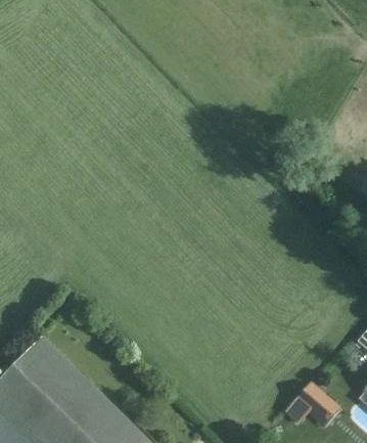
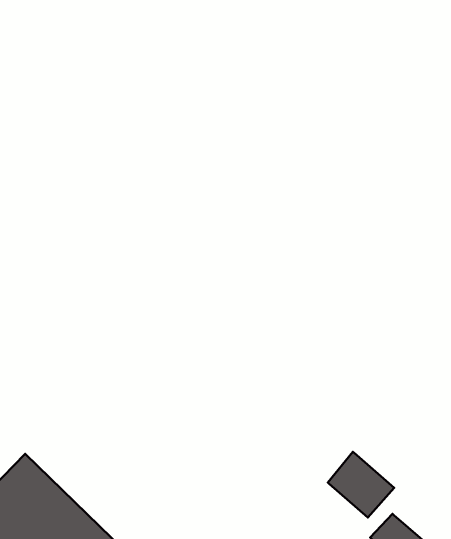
building: none -> [328,452,394,517]

